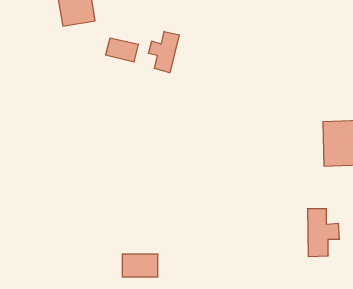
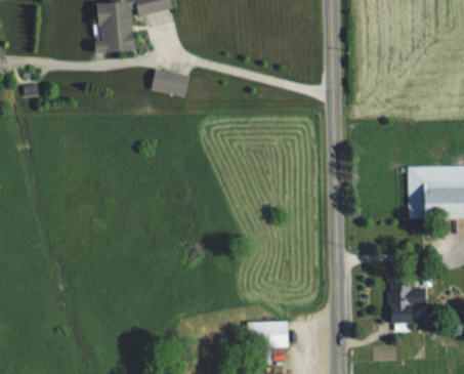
building: [148,31,179,73] -> none
building: [122,254,158,277] -> [248,321,290,347]

